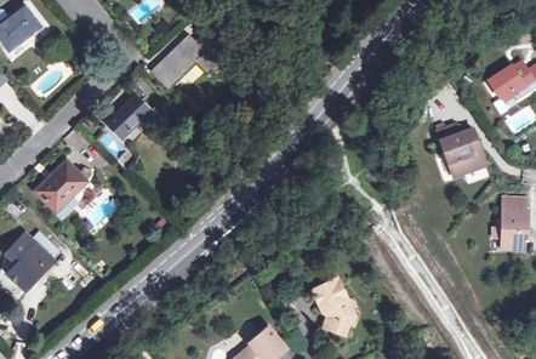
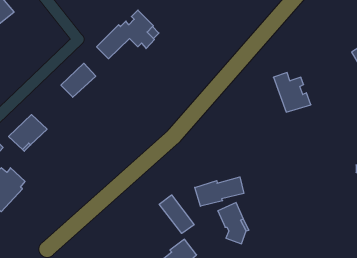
building: [438,124,487,176] -> [273,73,311,112]
building: none -> [195,177,244,206]
building: none -> [159,195,194,233]

